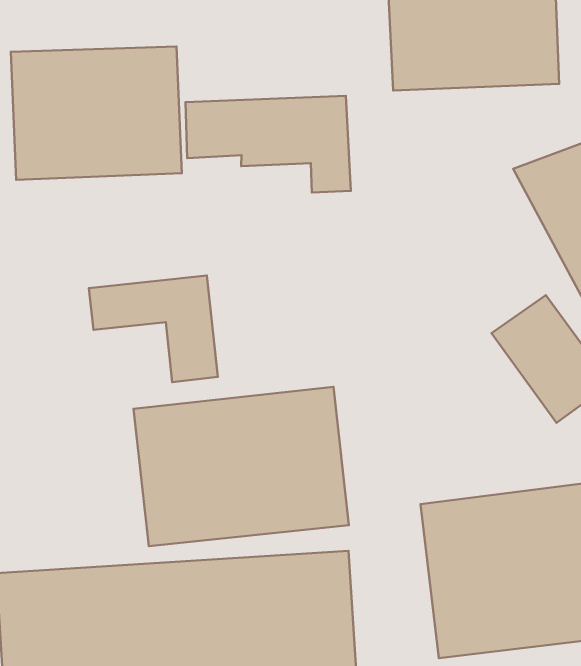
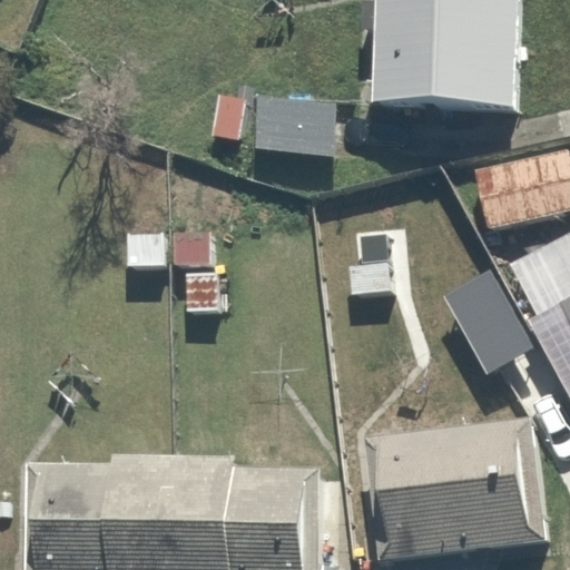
building: [11,46,182,180] -> none
building: [133,387,349,546] -> none

